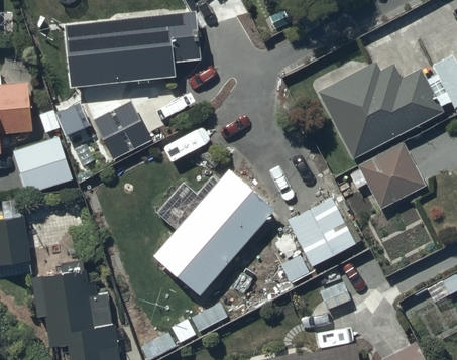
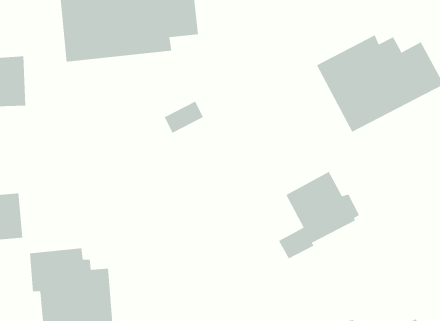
building: [92,99,151,159] -> none
building: [13,136,73,195] -> none
building: [349,142,426,209] -> none
building: [153,170,274,296] -> none

